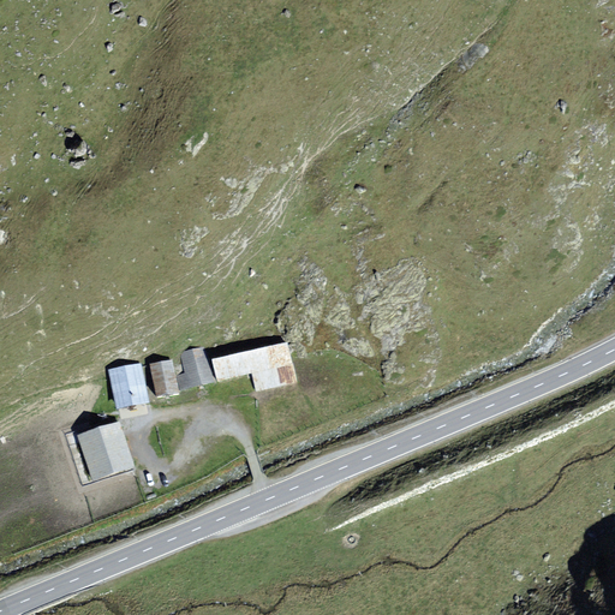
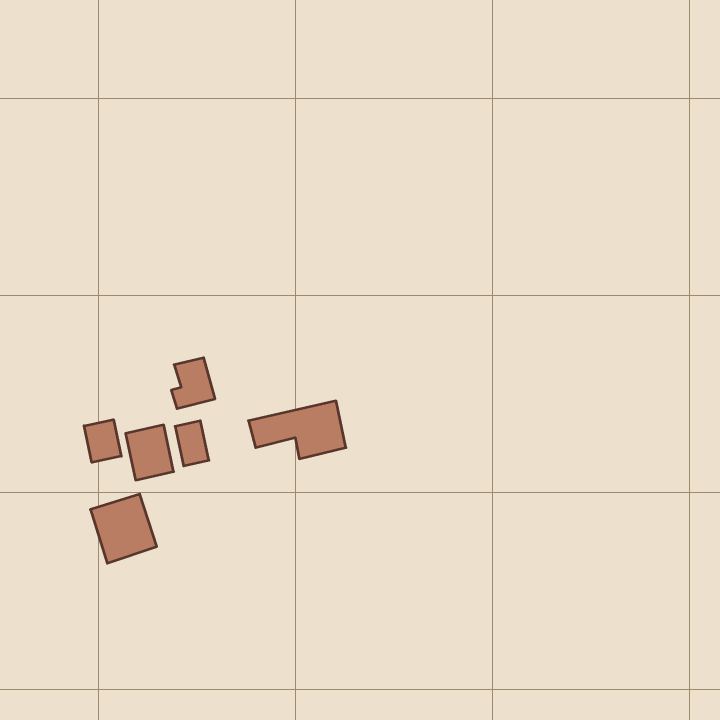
building: [177,346,214,389] -> [171,358,215,409]
building: none -> [84,420,121,462]

